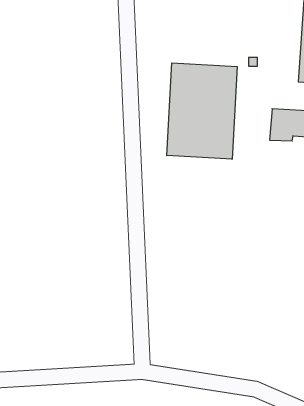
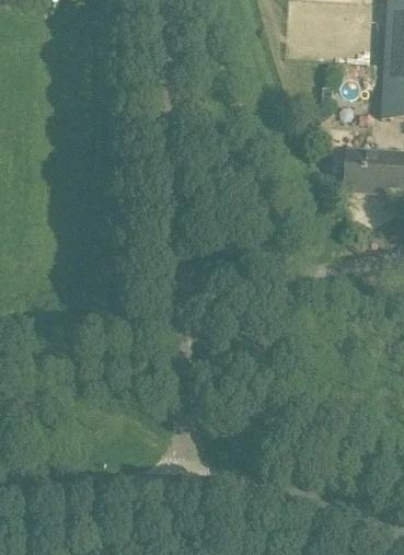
building: [167,63,237,159] -> none

